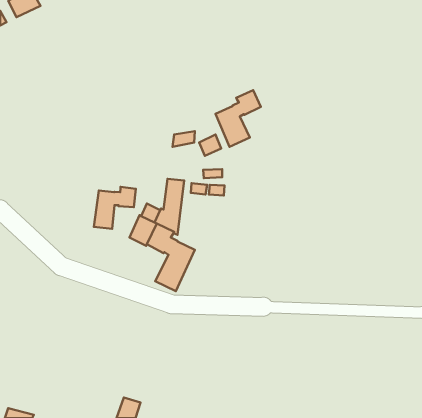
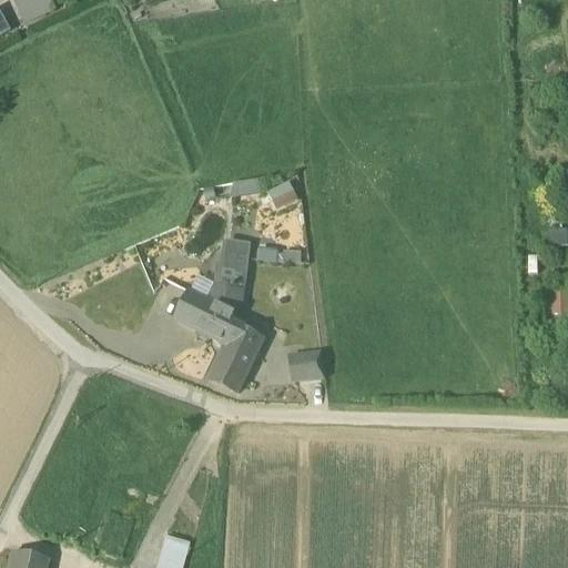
building: [215,90,261,147] -> none
building: [94,187,136,229] -> none
building: none -> [287,349,323,382]

